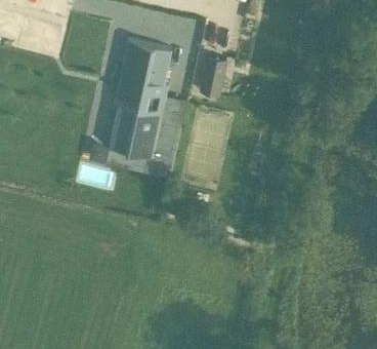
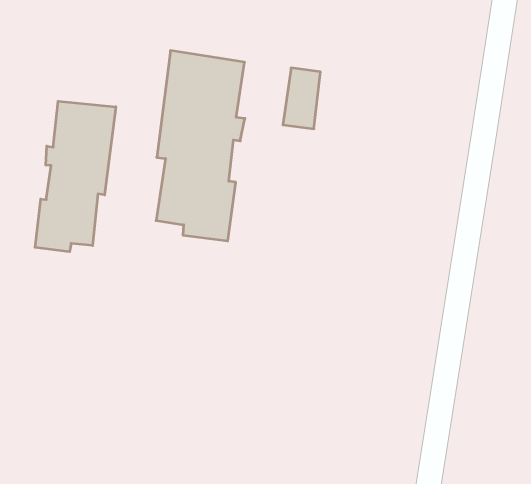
building: none -> [35,101,116,252]

